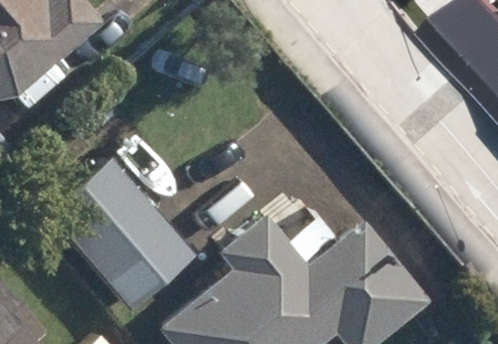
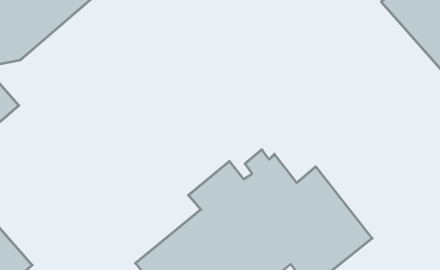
building: [49,162,195,311] -> none

